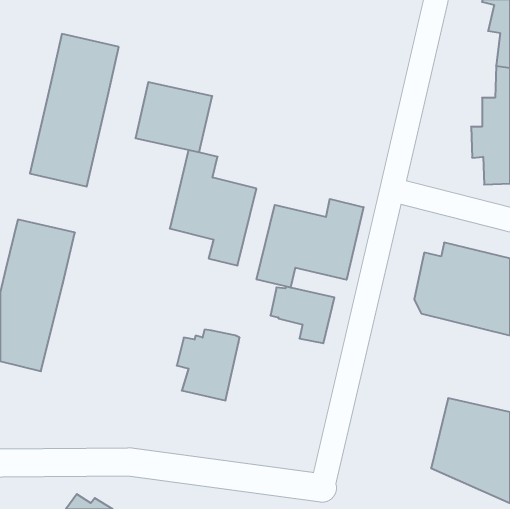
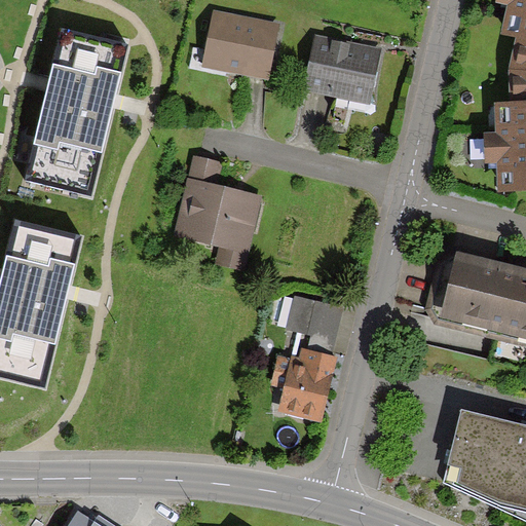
building: none -> [302,33,382,104]
building: [135,82,212,152] -> [200,8,279,80]
building: [257,199,364,288] -> none
building: [177,330,240,400] -> [272,347,337,420]

